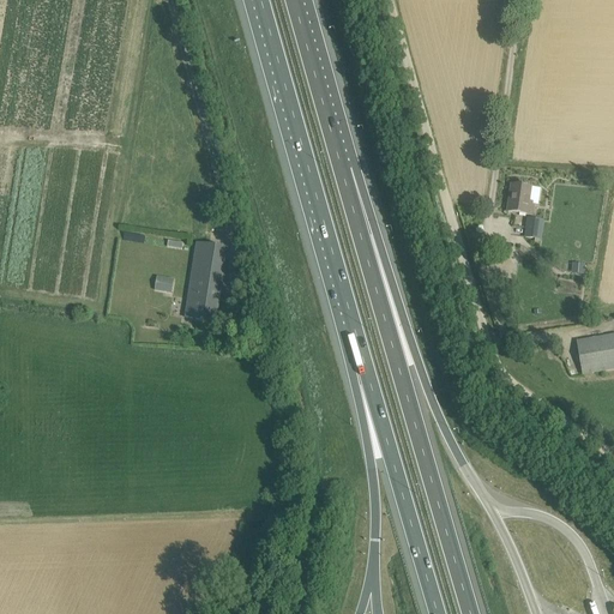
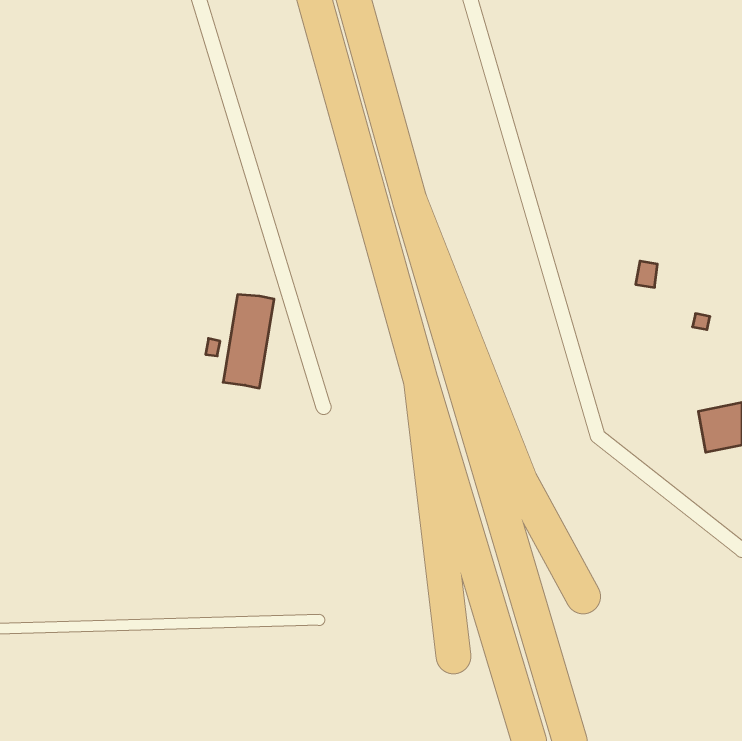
building: [506,182,540,212] -> none

